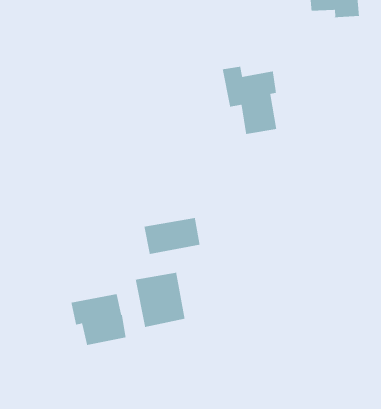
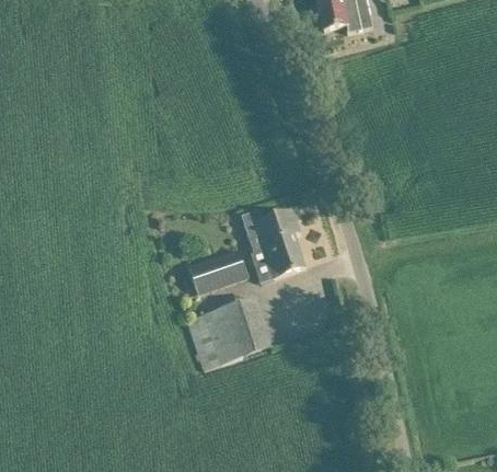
building: [222,66,277,135] -> [241,209,304,277]
building: [71,293,127,346] -> none

